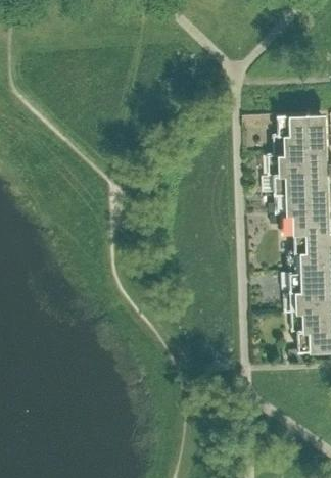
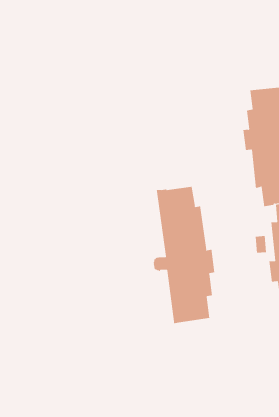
building: none -> [153,186,215,324]

